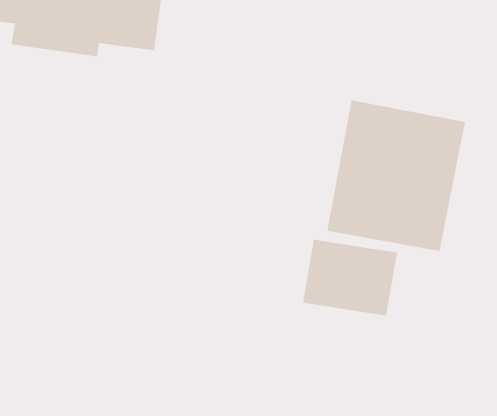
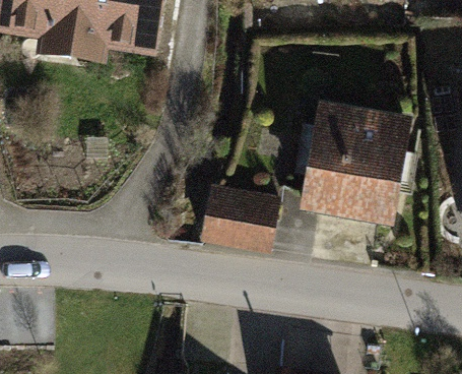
building: [302,239,398,316] -> [204,188,283,252]

